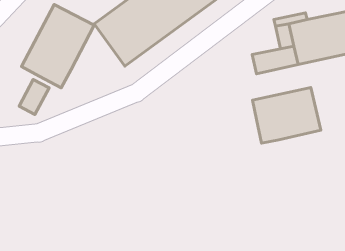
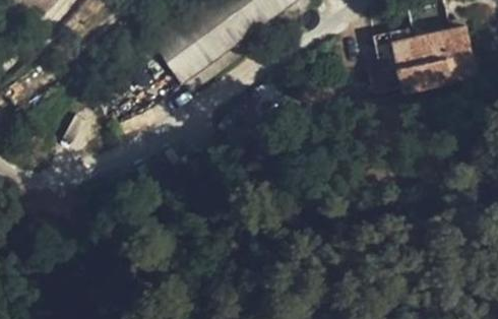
building: [21,5,94,88] -> none
building: [252,88,321,143] -> none

